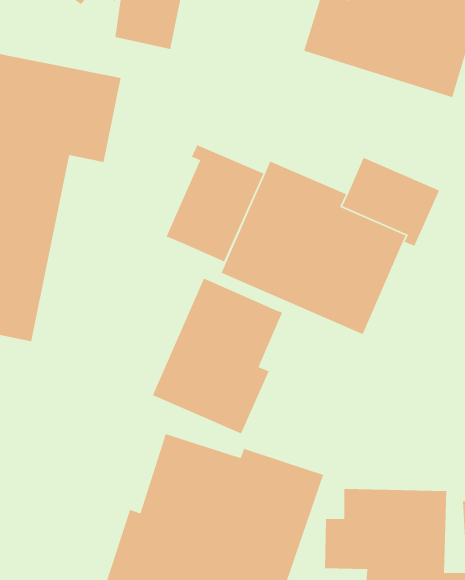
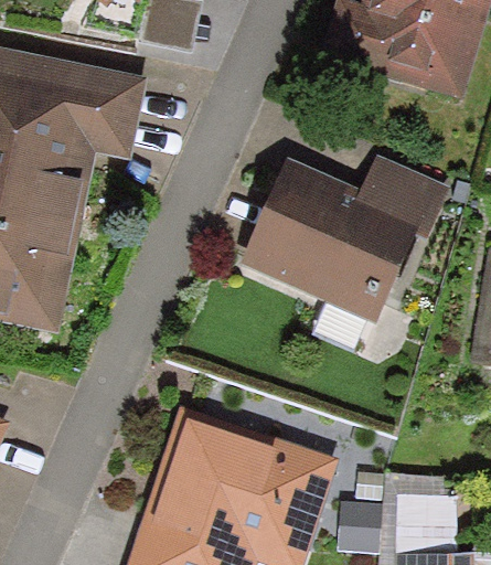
building: [166,144,264,262] -> none
building: [152,277,283,435] -> none

